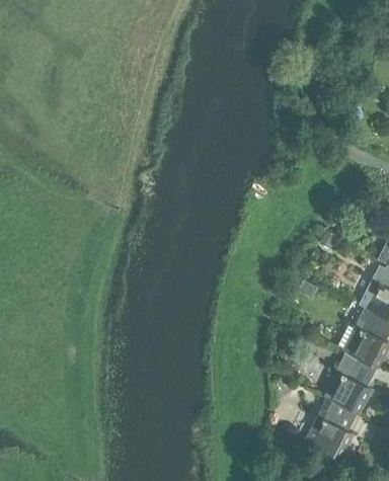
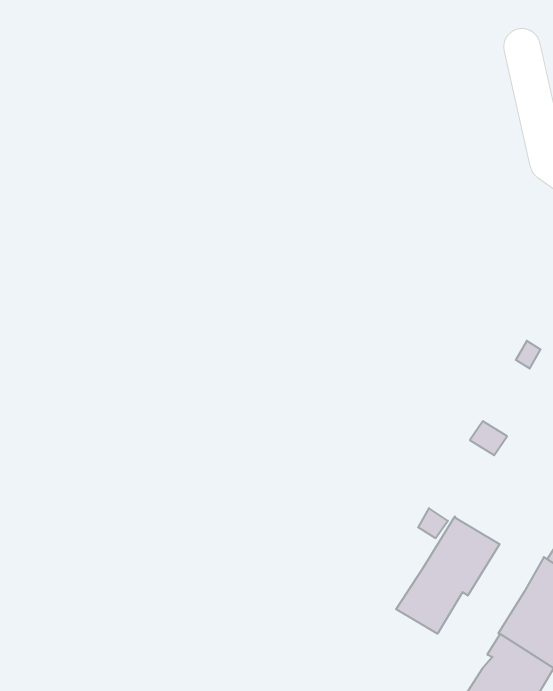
building: none -> [396,516,500,634]

